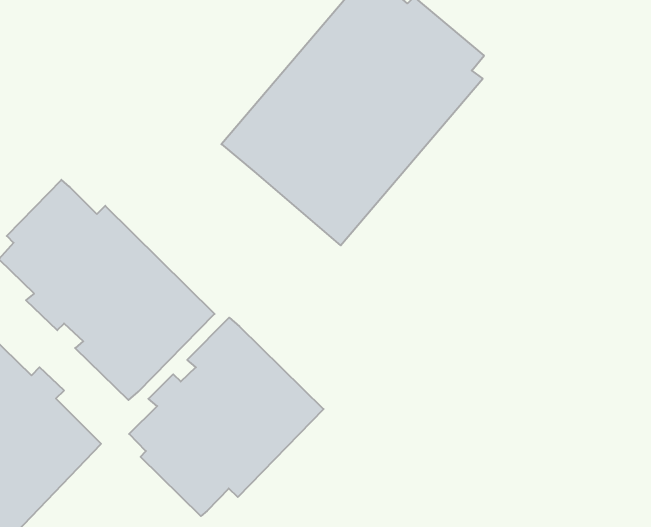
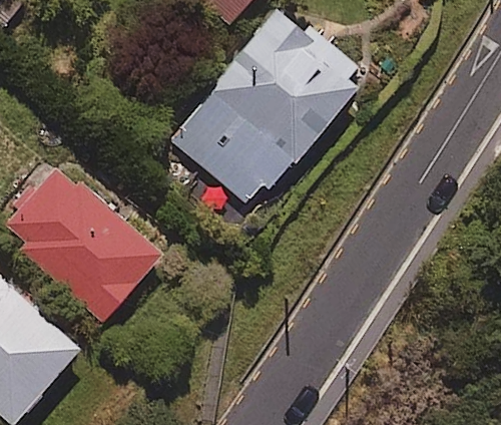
building: [129,318,324,516] -> none

